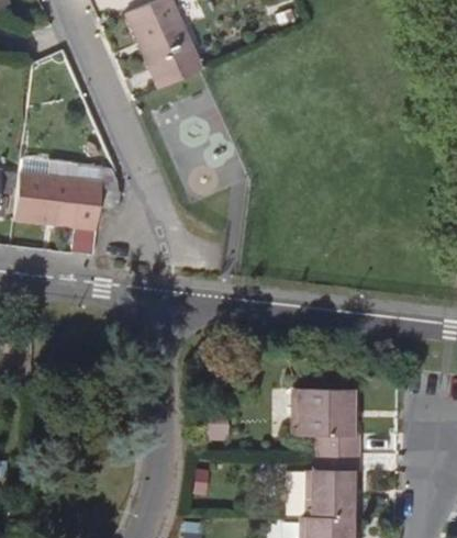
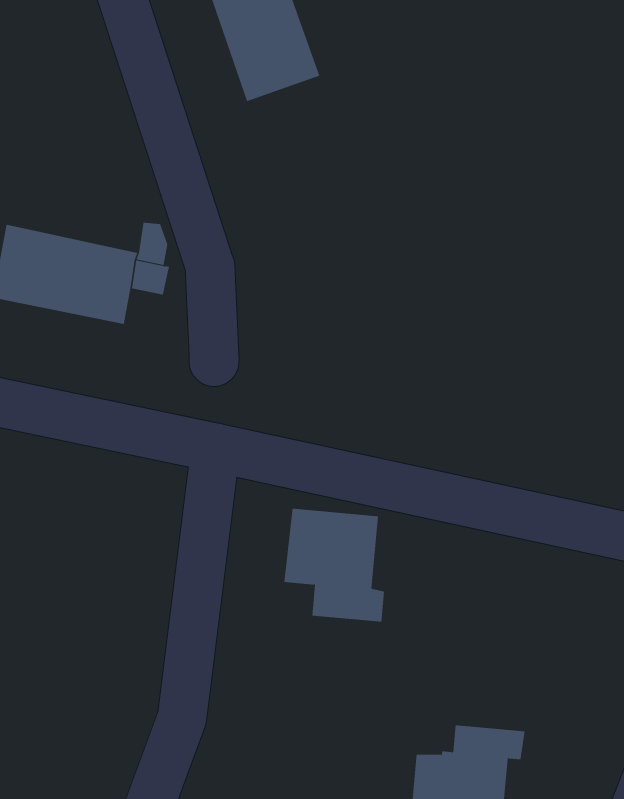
building: [299,388,360,451] -> [283,508,385,622]

